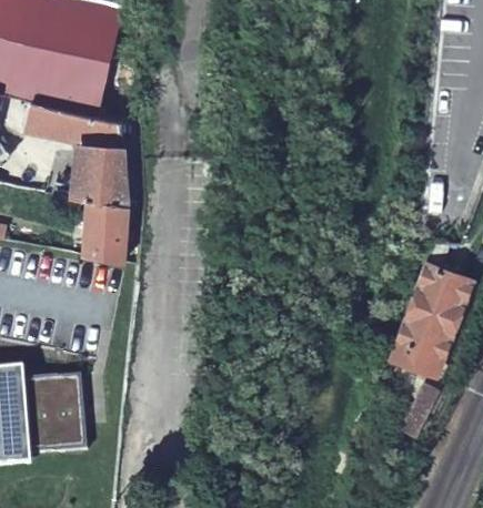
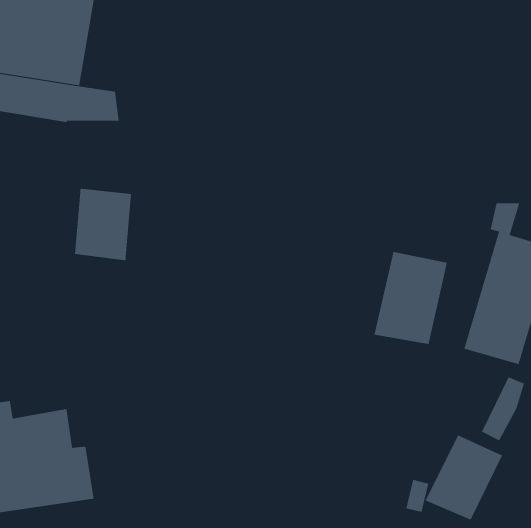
building: [71,145,130,209] -> none
building: none -> [374,251,448,345]
building: none -> [425,434,503,521]

